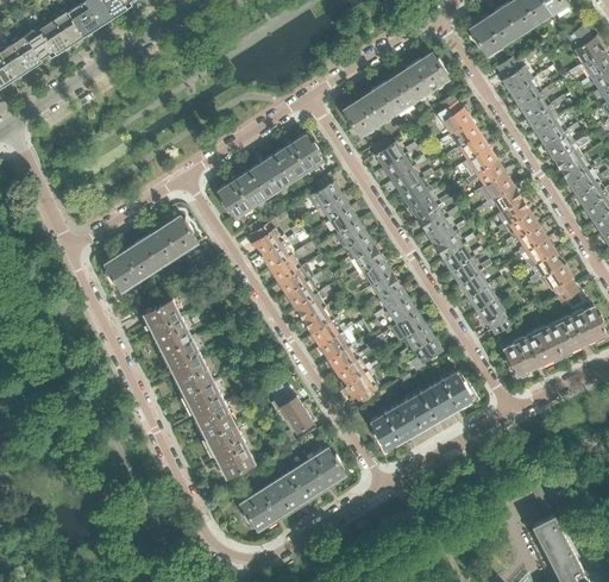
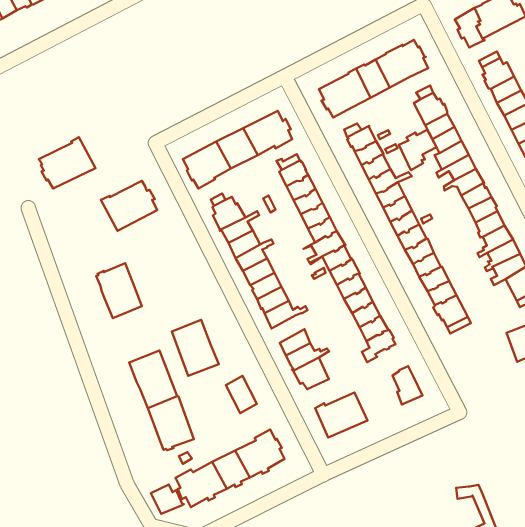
building: none -> [399,130,436,170]
building: [105,238,161,290] -> [39,137,95,188]
building: [320,330,357,361] -> none
building: [503,330,563,376] -> none
building: [164,338,213,394] -> [172,320,219,376]
building: [407,382,454,428] -> none
building: none -> [151,485,184,514]

